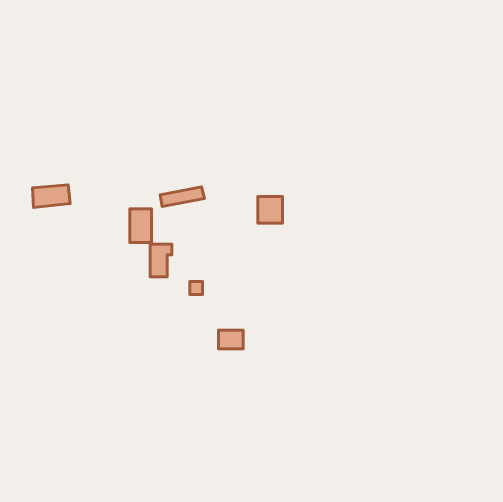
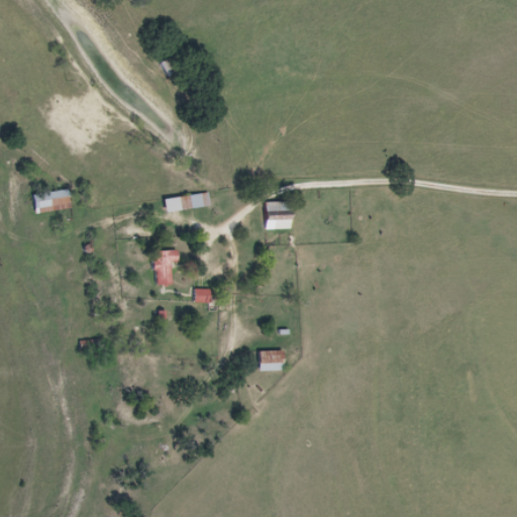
building: [130,209,152,243] -> none
building: [219,330,243,349] -> [261,350,286,370]

